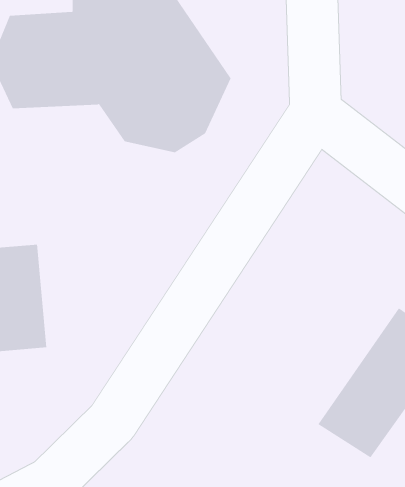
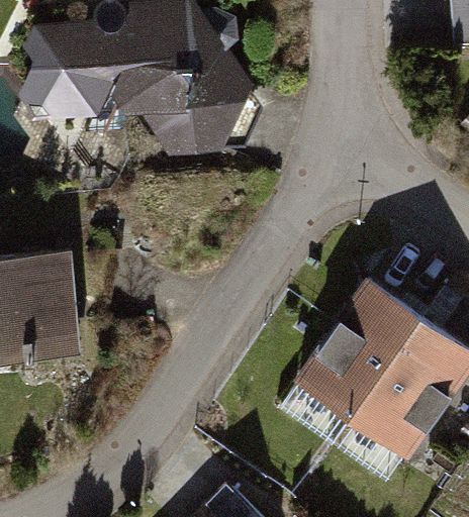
building: none -> [289,276,425,430]

